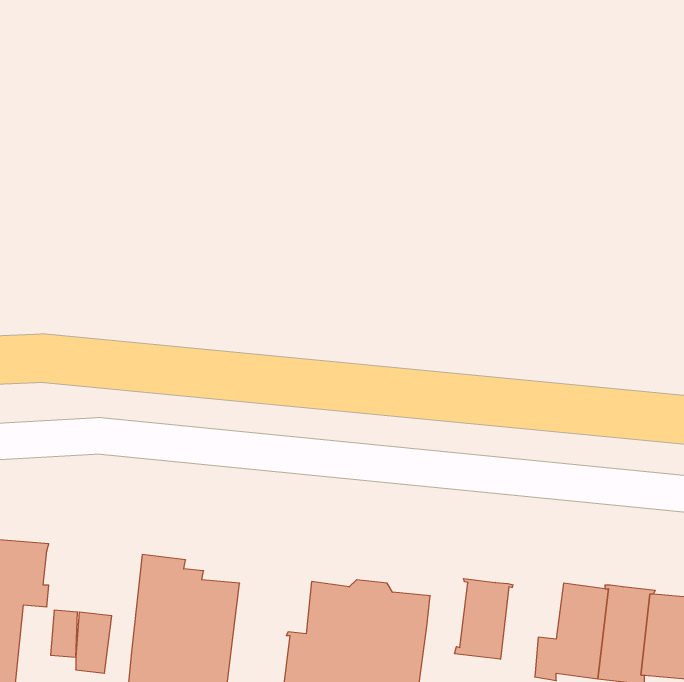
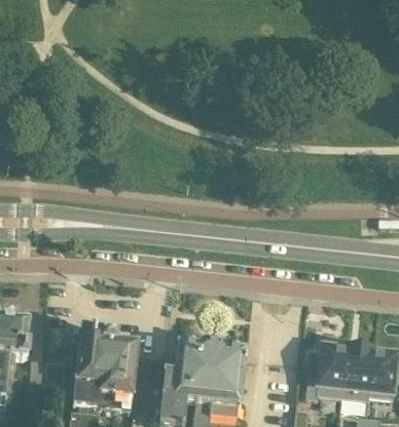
building: [455,579,513,659] -> none

